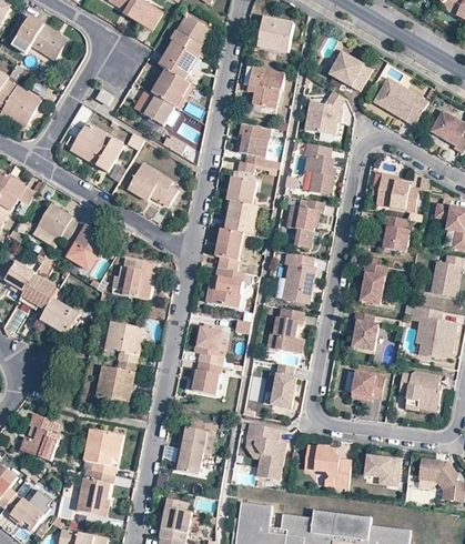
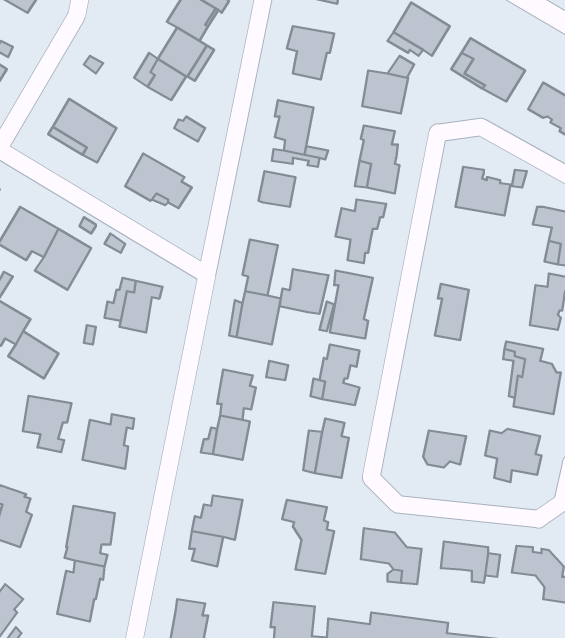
building: [222,201,259,234] -> [280,269,328,314]
building: [382,214,410,252] -> none
building: [353,312,378,350] -> none
building: [107,321,143,363] -> [23,396,72,452]

